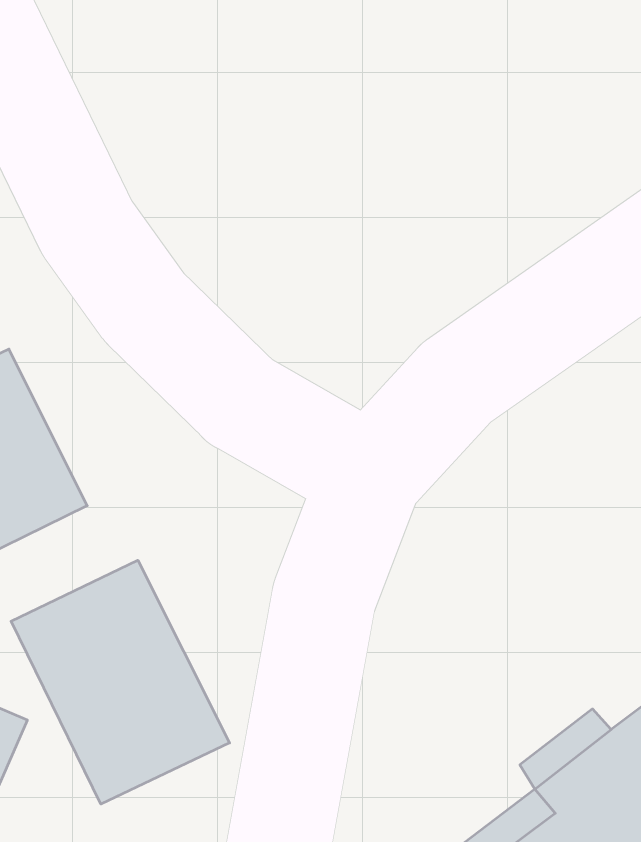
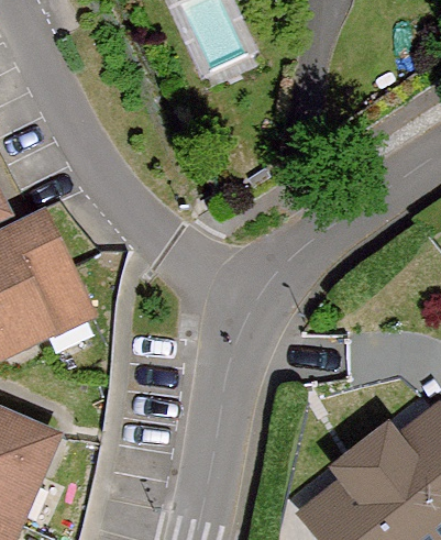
building: [11,560,230,804] -> none

